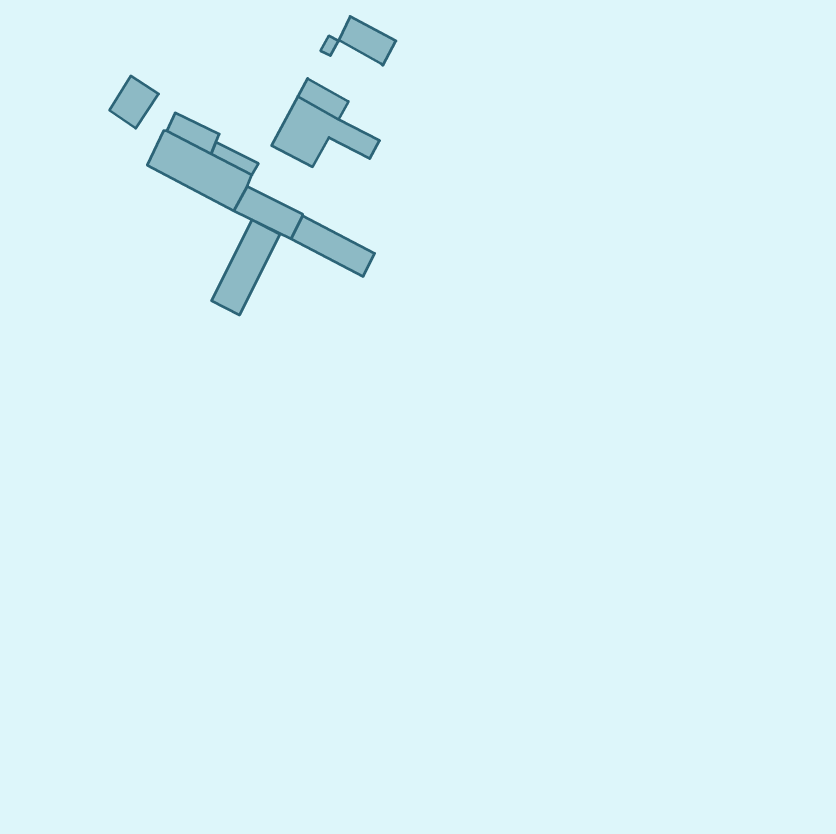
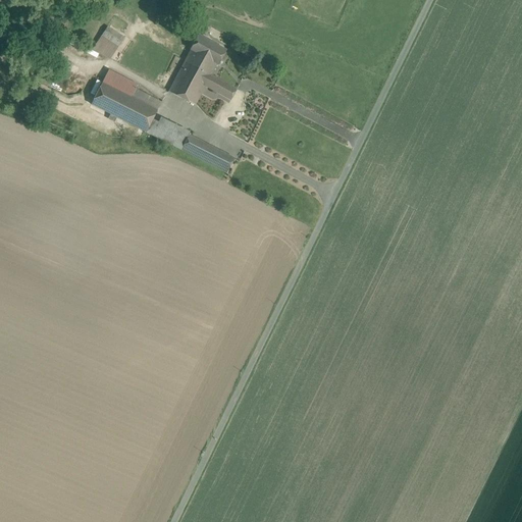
building: [339,16,396,65] -> [191,34,226,64]
building: [110,76,159,128] -> [94,25,124,58]
building: [212,220,280,315] -> none

